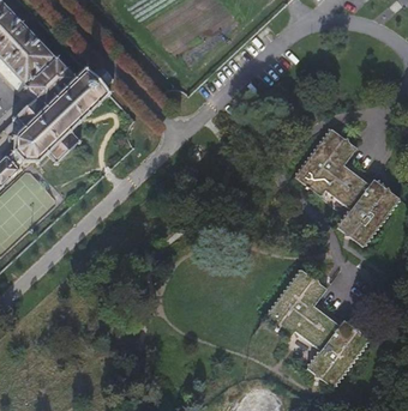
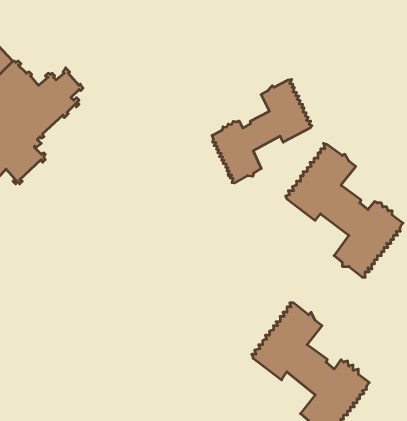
building: none -> [212,79,312,183]

